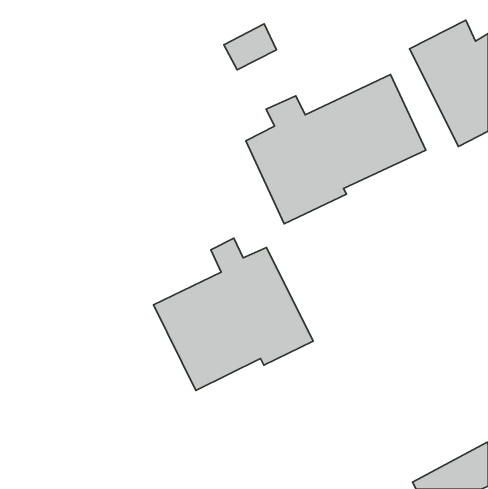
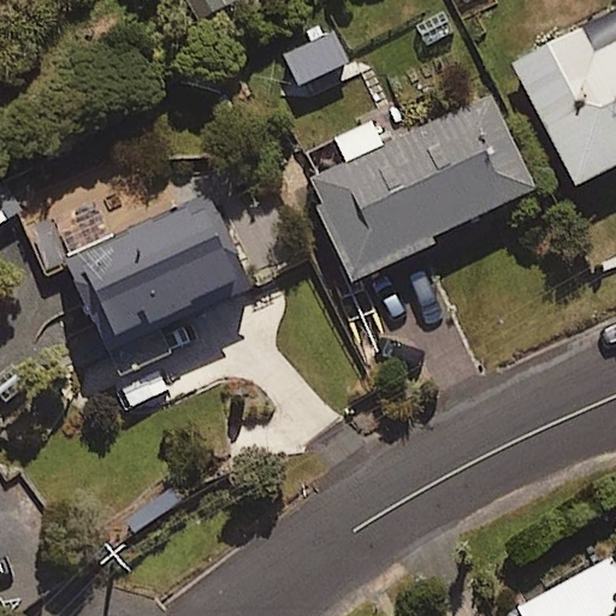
building: none -> [64,195,244,348]
building: [154,238,313,391] -> none

